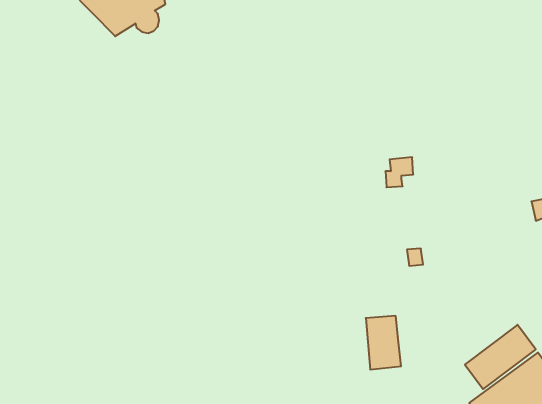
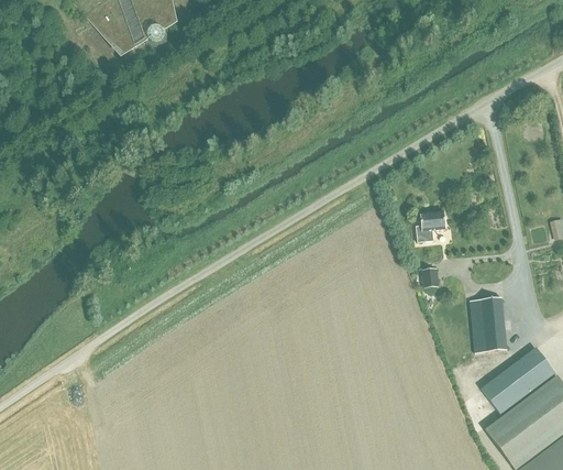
building: [385,157,413,187] -> [417,211,445,242]
building: [366,316,401,369] -> [471,298,507,353]

